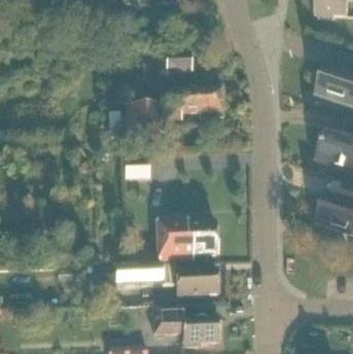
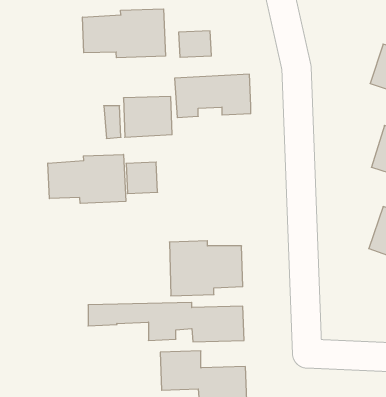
building: none -> [83,9,165,58]
building: none -> [48,154,126,203]

